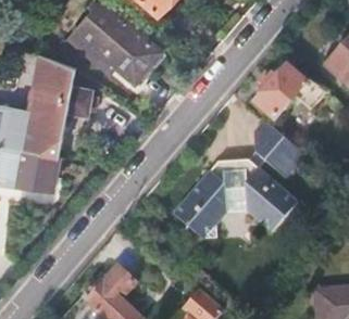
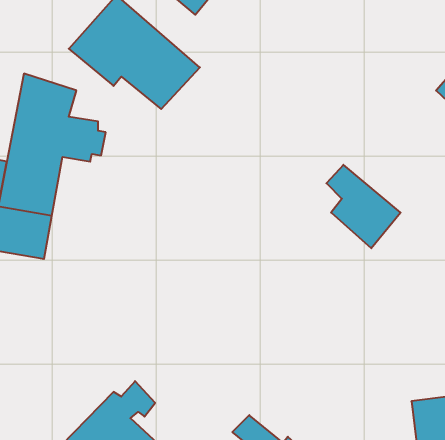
building: [253,65,324,120] -> none
building: [175,160,298,240] -> none

